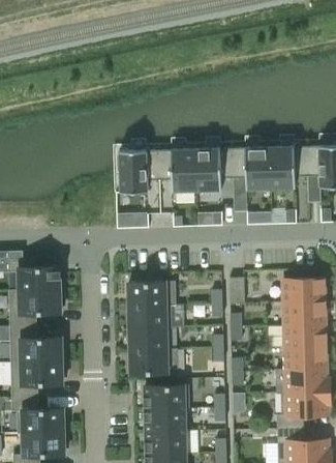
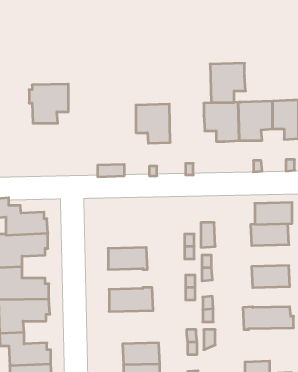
building: [195,148,234,191] -> [210,63,246,102]
building: [117,150,159,193] -> [29,84,68,123]
building: [128,282,176,306] -> none
building: [284,301,325,325] -> [255,202,292,224]
building: [129,327,166,350] -> none
building: [285,347,326,370] -> none
building: [145,385,189,409] -> none
building: [277,392,330,429] -> none

